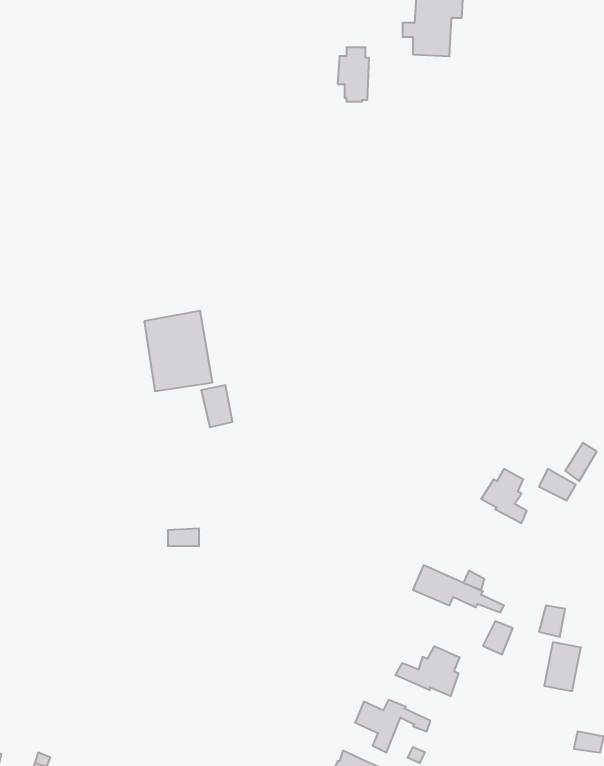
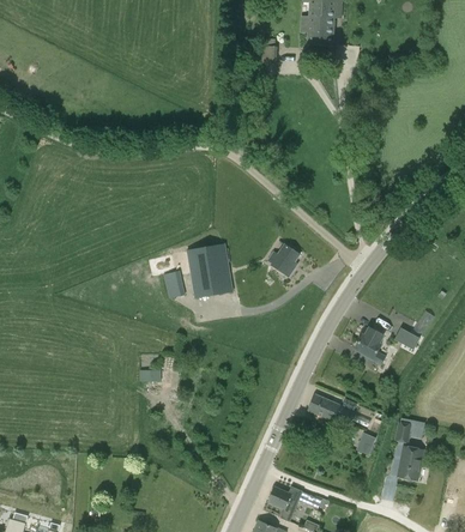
building: [144,311,213,391] -> [187,242,234,297]
building: none -> [268,243,300,276]
building: [396,646,460,696] -> none

